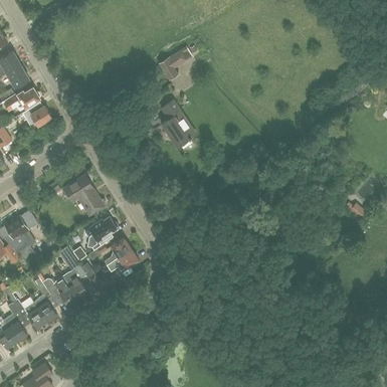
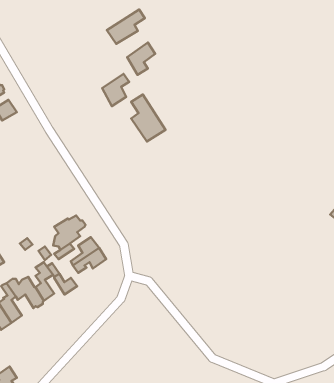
building: none -> [107,9,145,44]
building: none -> [102,74,129,106]
building: [64,175,107,215] -> none

